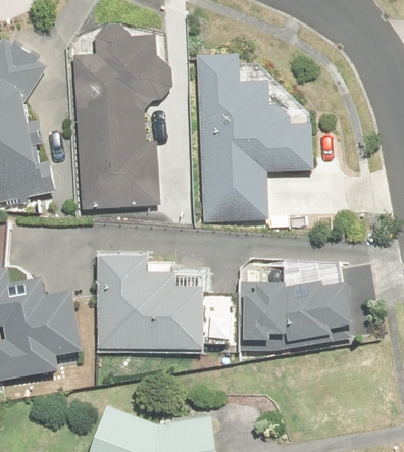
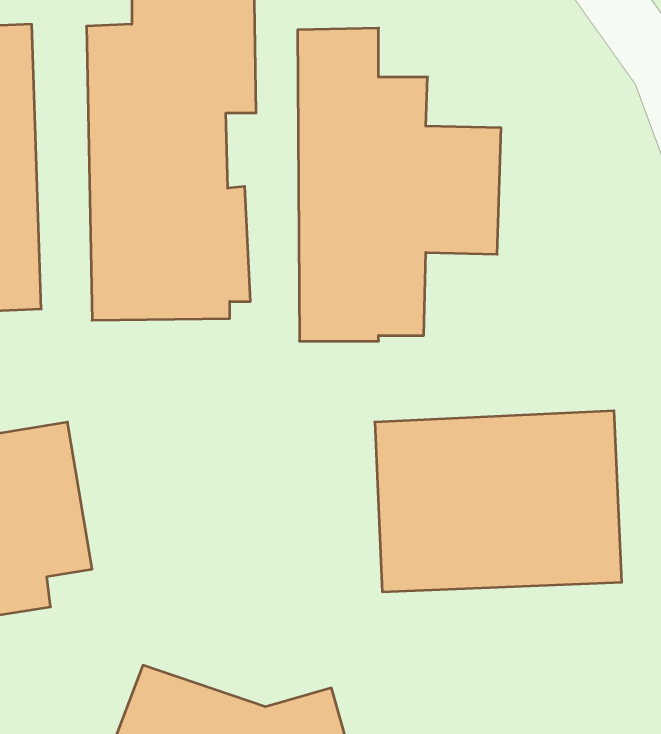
building: [87,259,196,351] -> none

